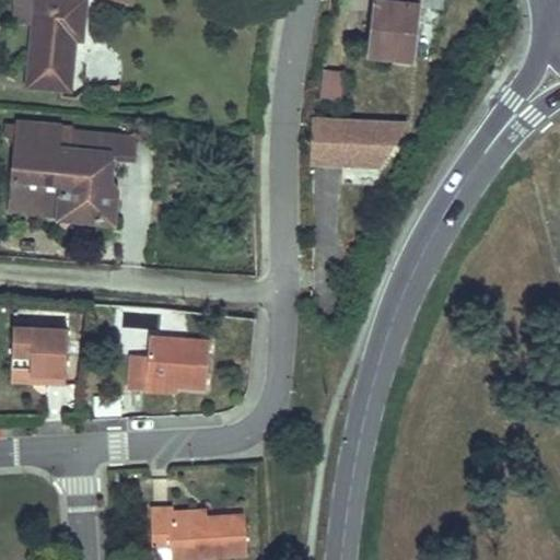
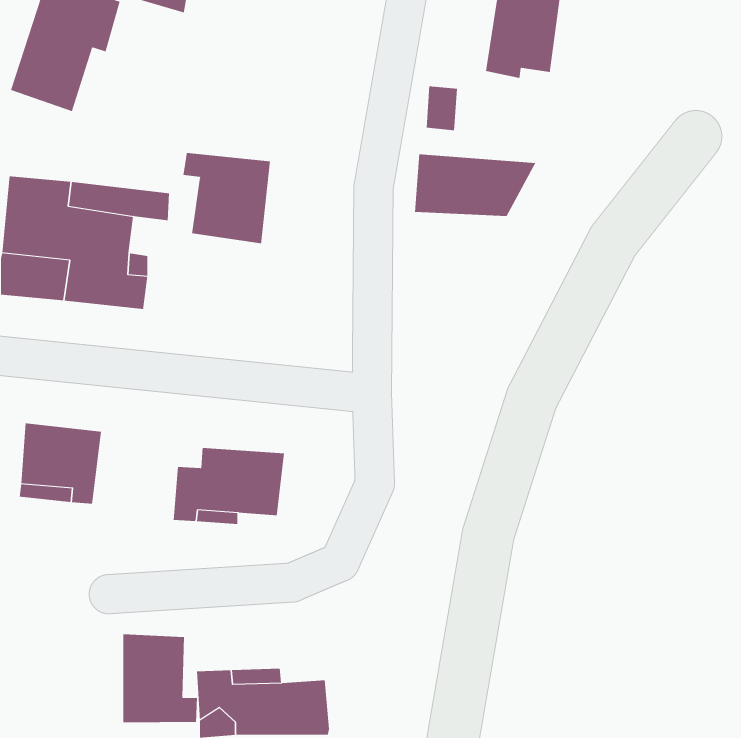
building: none -> [183,152,271,244]
building: none -> [123,634,198,723]

